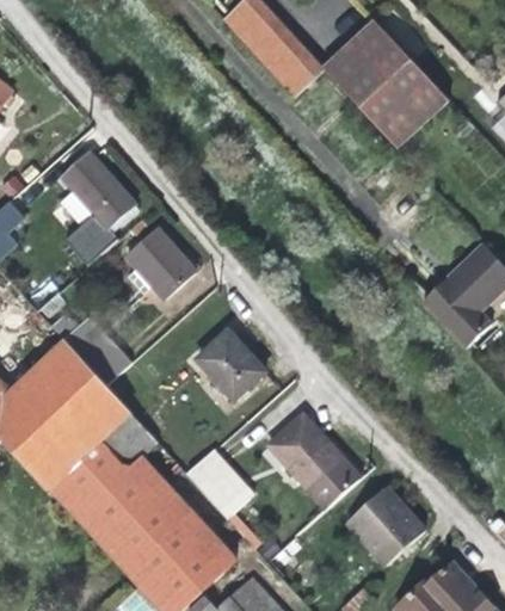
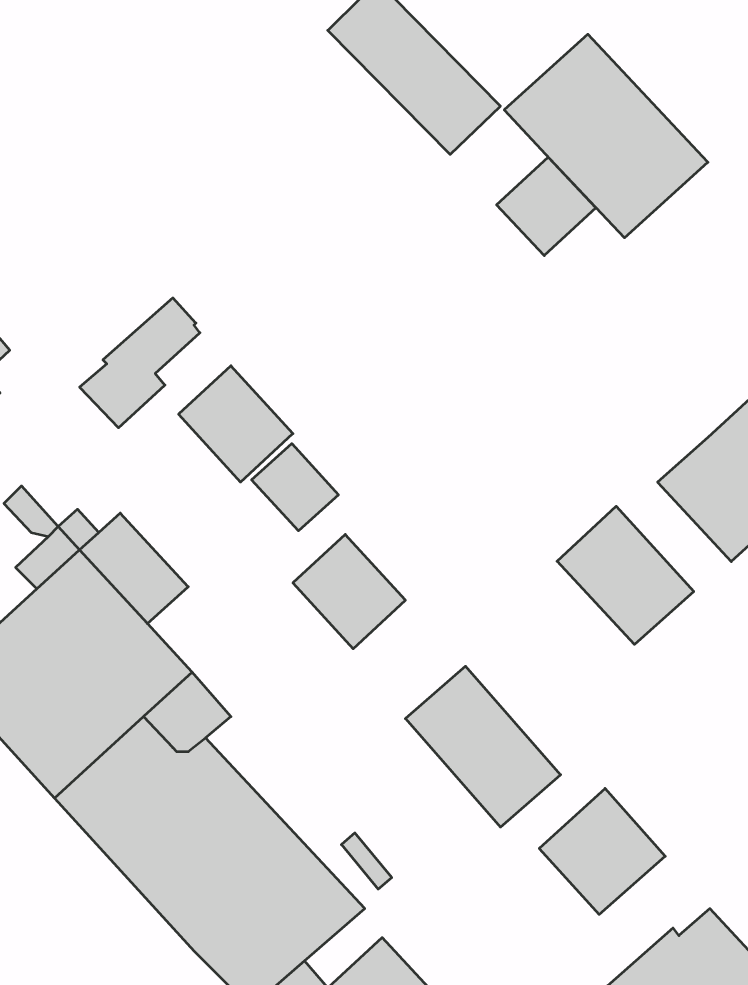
building: none -> [497,157,596,256]
building: [60,149,122,223] -> none
building: none -> [252,444,338,531]
building: none -> [557,506,694,644]
building: [186,450,252,517] -> none

